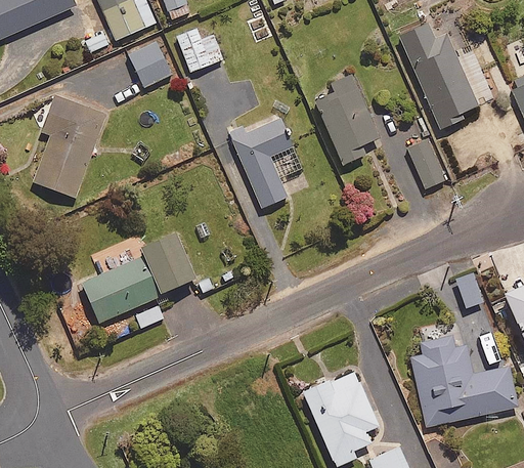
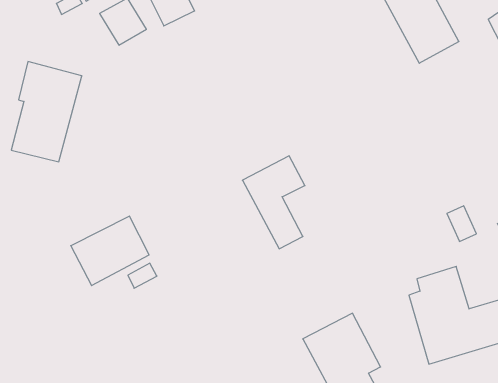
building: [315,74,378,163] -> none
building: [230,116,292,207] -> [242,156,305,249]
building: [407,137,446,187] -> none
building: [142,232,193,290] -> none

